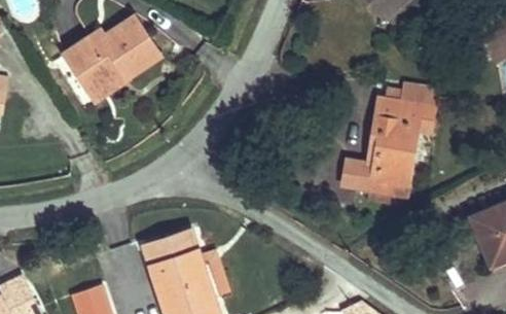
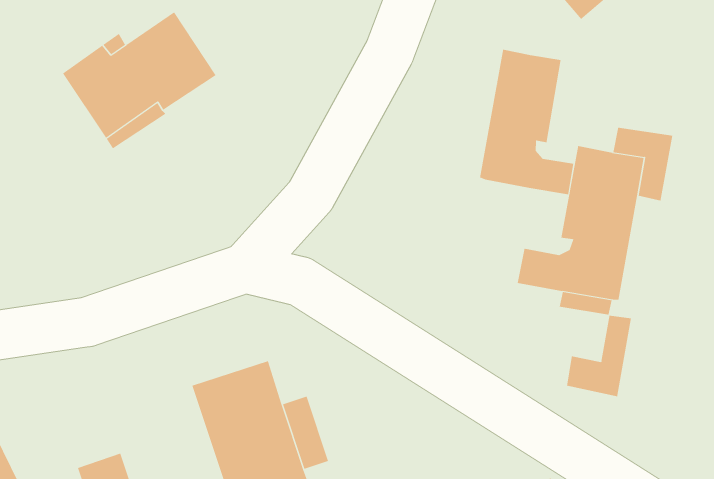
building: none -> [480,49,574,195]
building: none -> [566,315,632,397]

